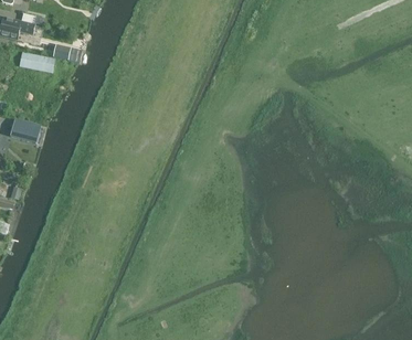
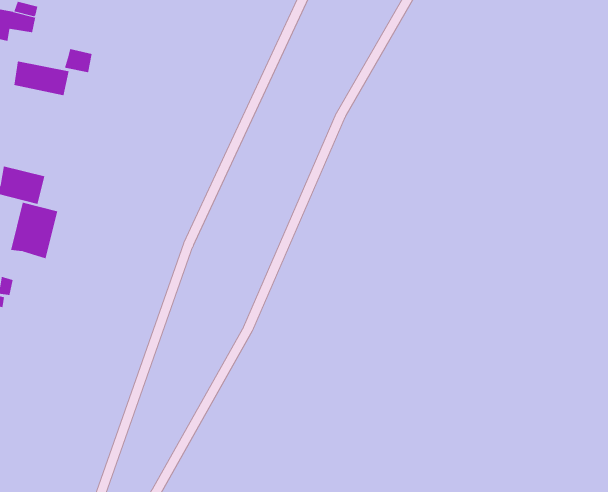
building: none -> [10,202,58,259]

